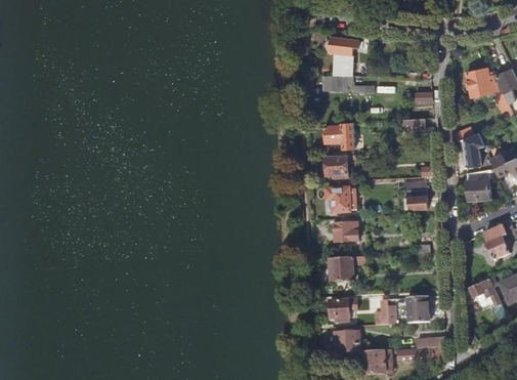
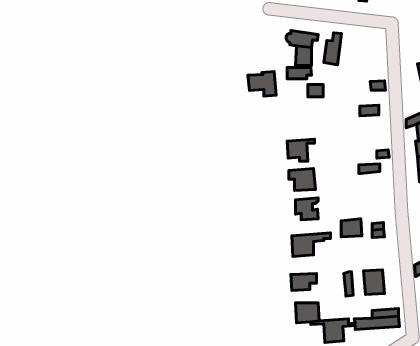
building: none -> [324,33,342,65]
building: [324,122,354,149] -> [248,72,276,96]
building: [404,189,427,209] -> [341,219,362,237]

